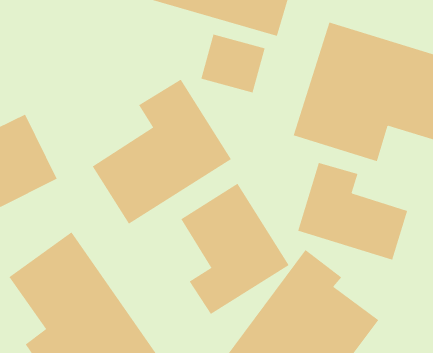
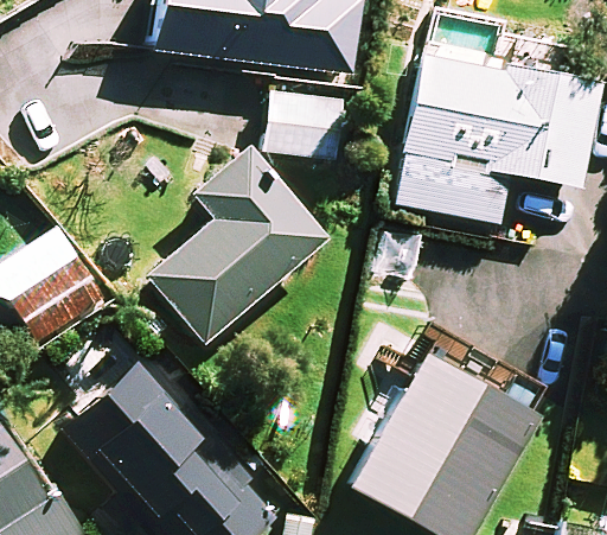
building: [297,162,408,260] -> none
building: [181,183,289,315] -> none

